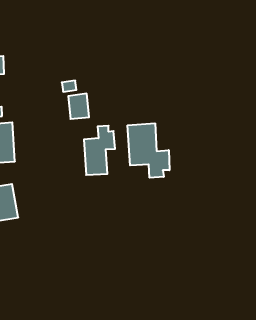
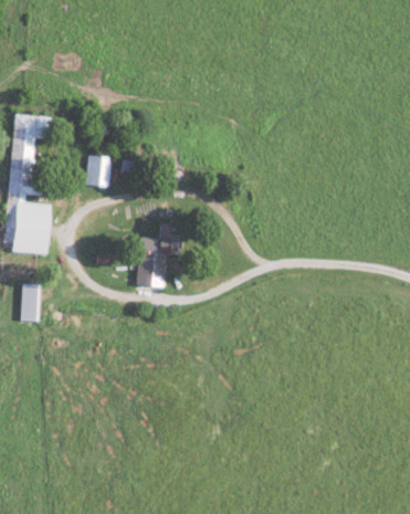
building: [68,94,89,119] -> [86,156,112,187]
building: [128,123,169,178] -> none

